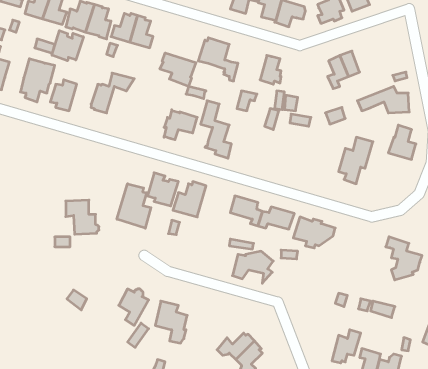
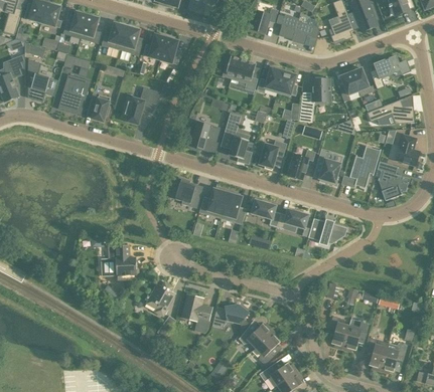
building: [52,31,83,61] -> none
building: none -> [370,55,409,88]
building: none -> [257,66,284,92]
building: [160,53,196,86] -> none
building: none -> [311,75,331,102]
building: none -> [259,139,286,170]
building: none -> [287,149,315,178]
building: none -> [314,149,341,184]
building: [117,184,151,228] -> none
building: none -> [221,189,246,223]
building: [66,200,99,234] -> [109,243,139,274]
building: [386,237,422,280] -> [377,160,410,199]
building: [232,251,273,283] -> [212,303,250,332]
building: none -> [329,315,349,348]

